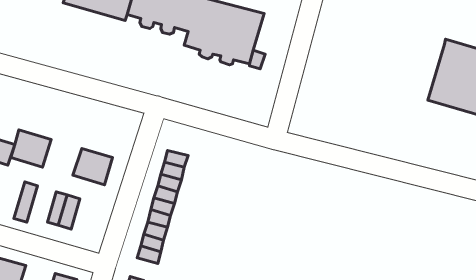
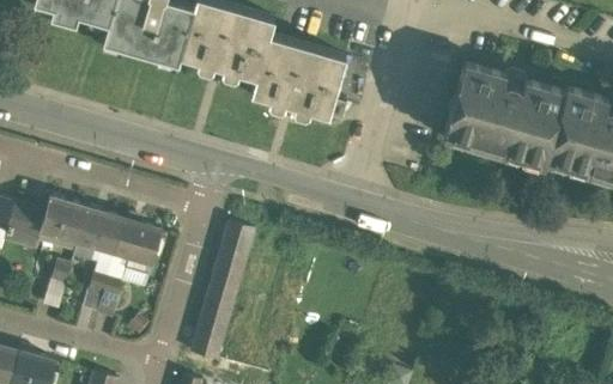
building: none -> [443,63,565,166]
building: none -> [77,209,125,252]

